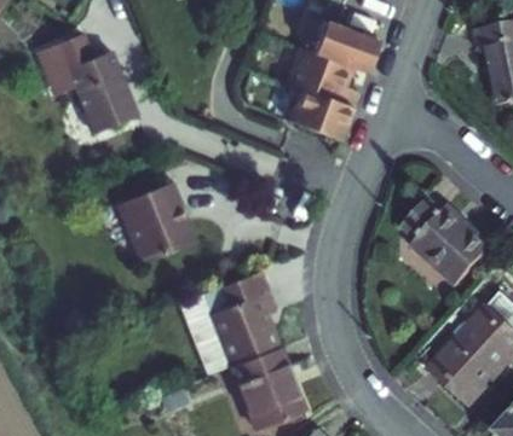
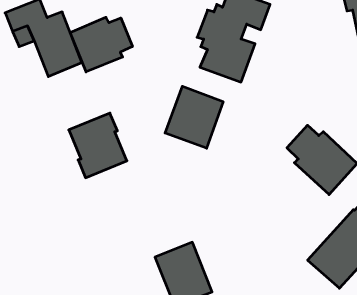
building: none -> [70,17,132,72]
building: none -> [165,86,223,148]
building: [188,289,278,374] -> none

